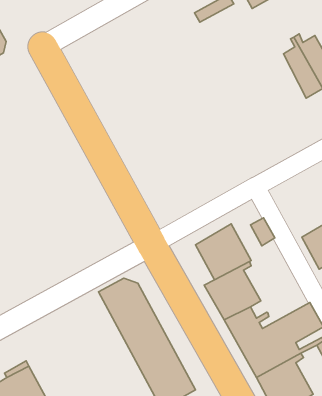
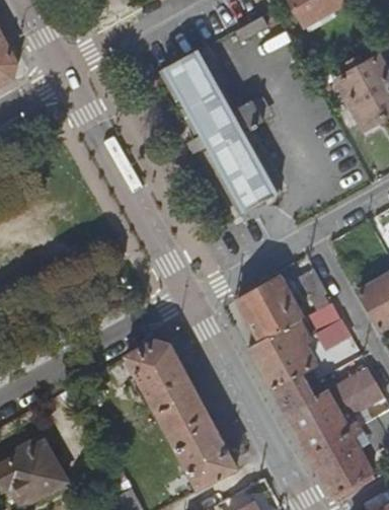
building: none -> [161,45,281,215]
building: none -> [300,301,352,353]

